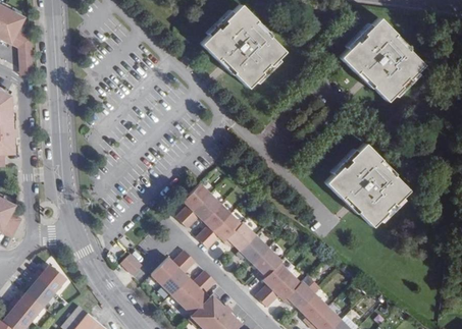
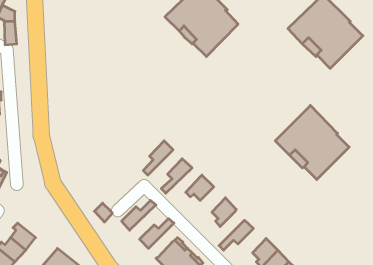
building: [182,194,220,228] -> none
building: [202,214,241,249] -> none
building: [238,235,269,264] -> none
building: [161,256,196,294] -> none
building: [256,263,291,301] -> none
building: [35,264,67,292] -> none
building: [183,276,216,315] -> none
building: [284,281,315,310] -> none

